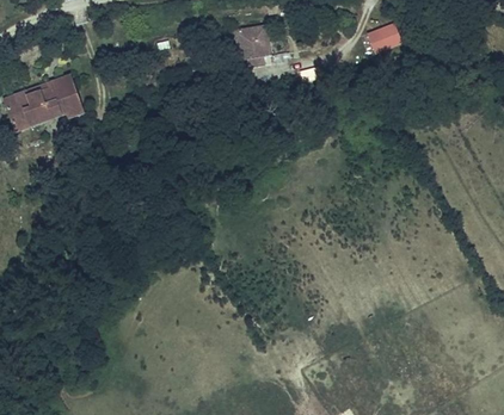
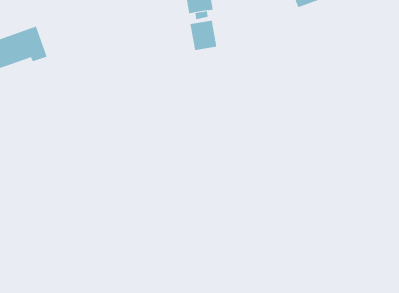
building: none -> [190,20,217,51]

